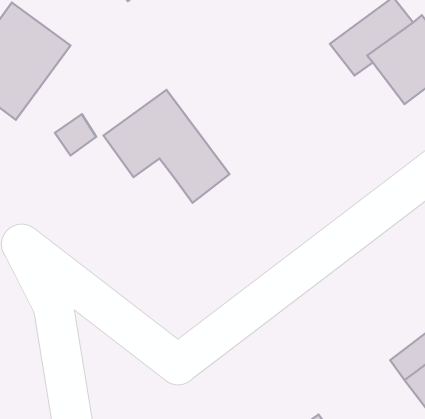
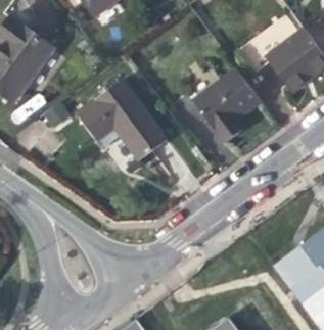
building: none -> [191,67,262,144]

